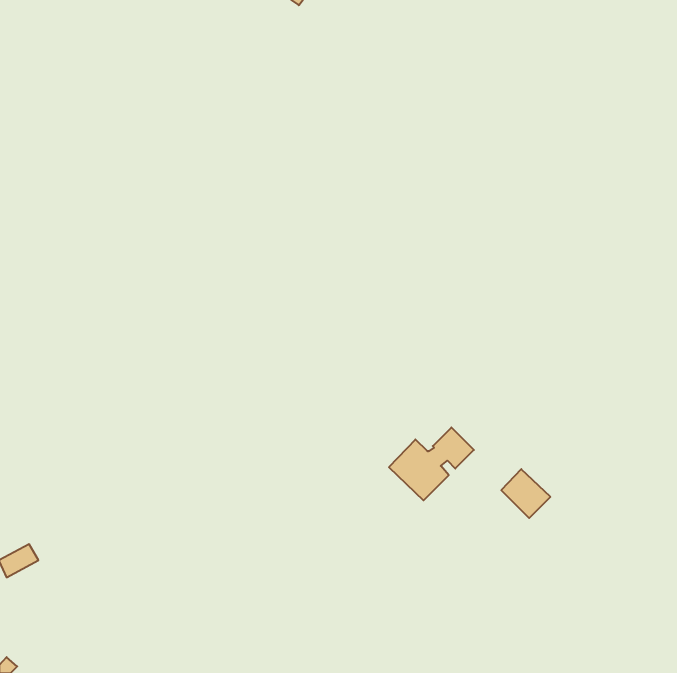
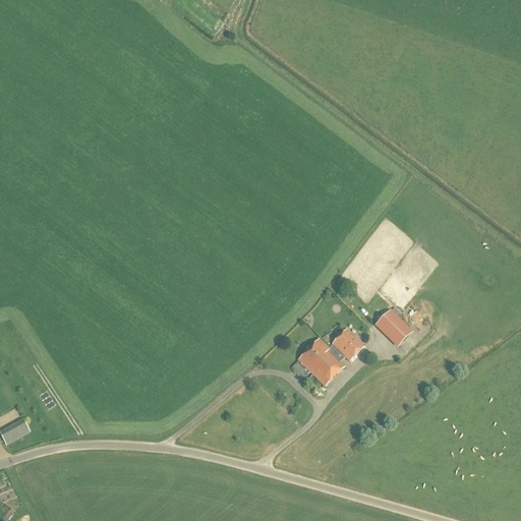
building: [501,469,550,518] -> [374,308,412,346]

